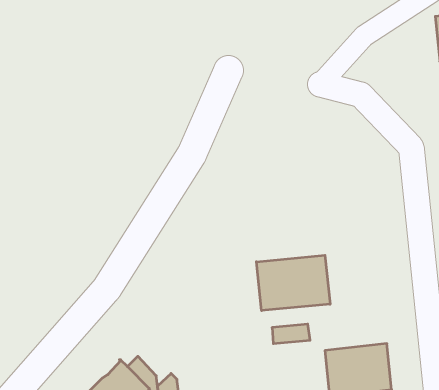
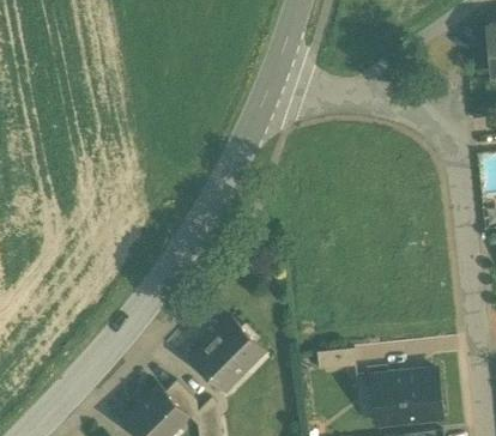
building: [256,255,330,311] -> none
building: none -> [190,319,261,390]

